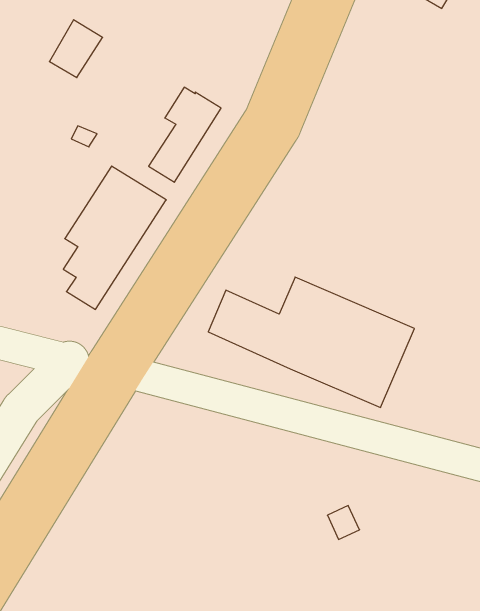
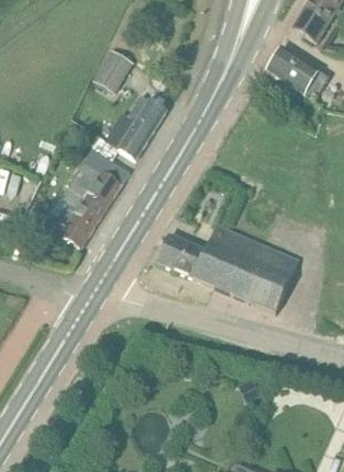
building: none -> [266,46,325,97]
building: [49,20,103,78] -> [94,49,130,89]

